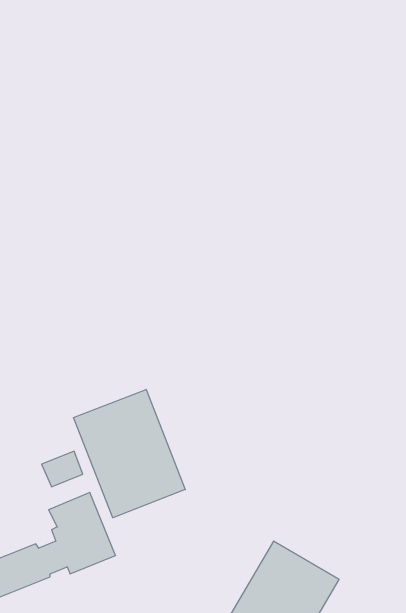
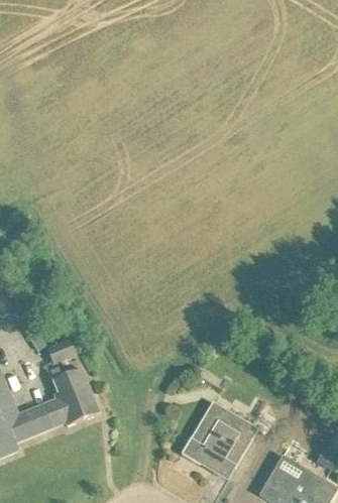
building: [74,389,185,518] -> none

